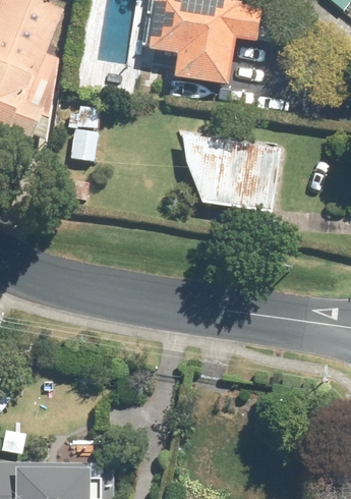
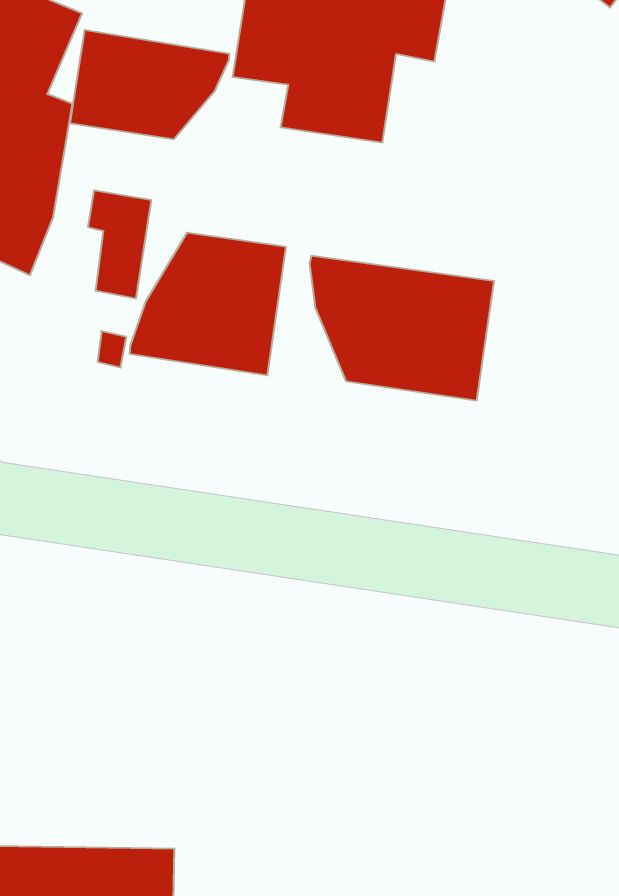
building: none -> [70,30,229,139]
building: none -> [130,232,286,376]

